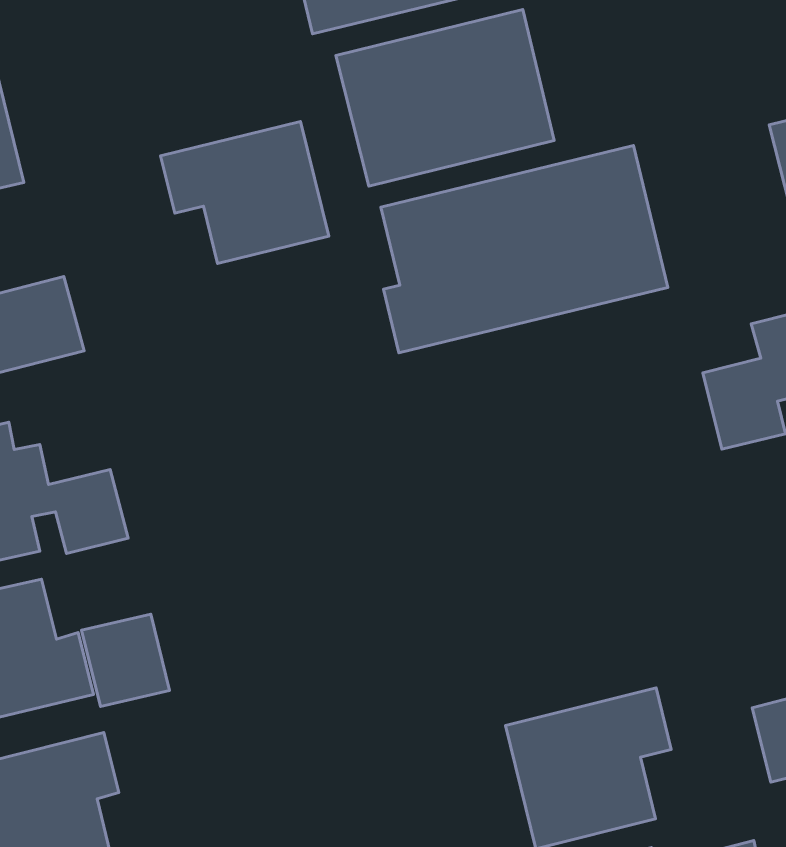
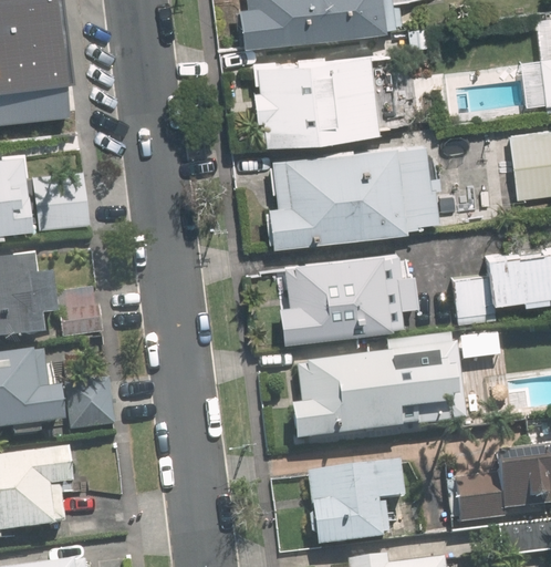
building: [161,122,329,263] -> none
building: none -> [280,251,418,341]
building: none -> [292,346,465,442]

